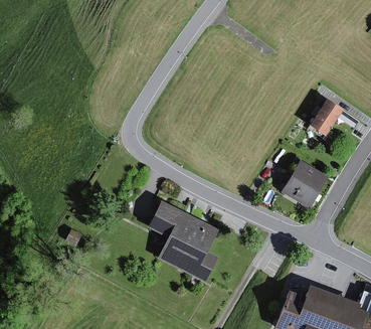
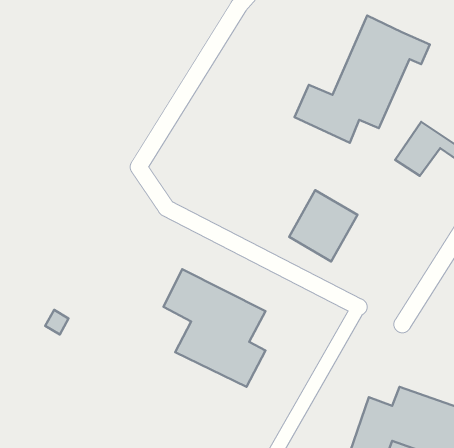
building: none -> [294,16,430,143]
building: [282,160,329,209] -> [289,190,358,262]

